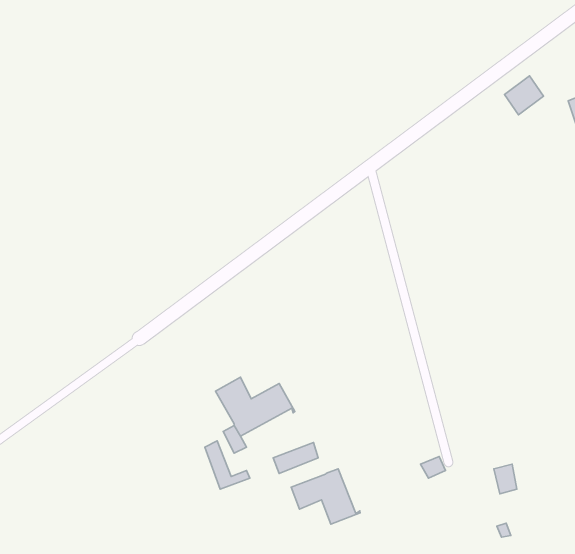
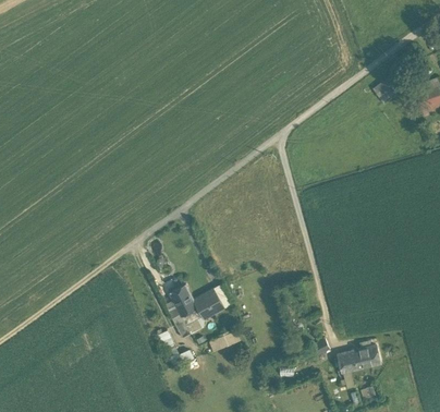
building: [291,469,360,524] -> none
building: none -> [337,349,367,372]

